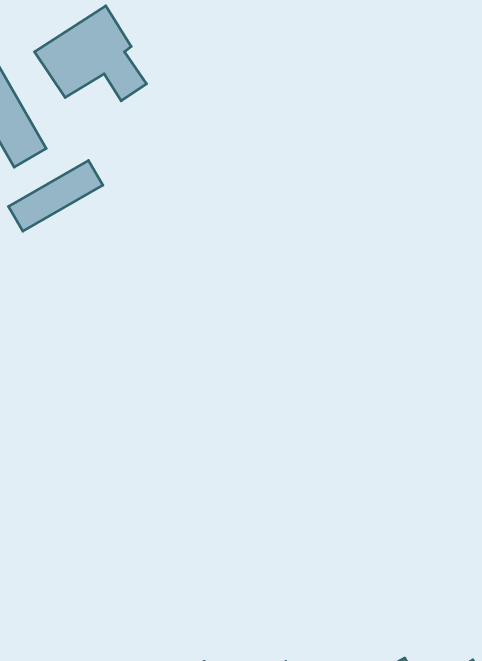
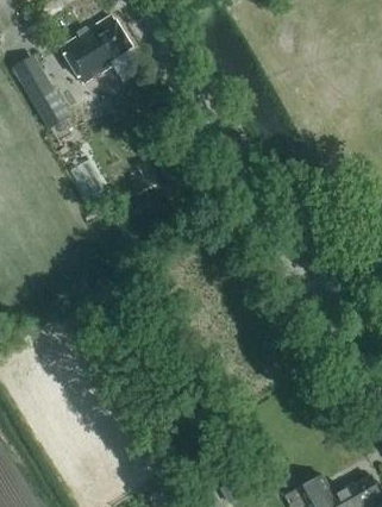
building: [9,160,103,231] -> none

